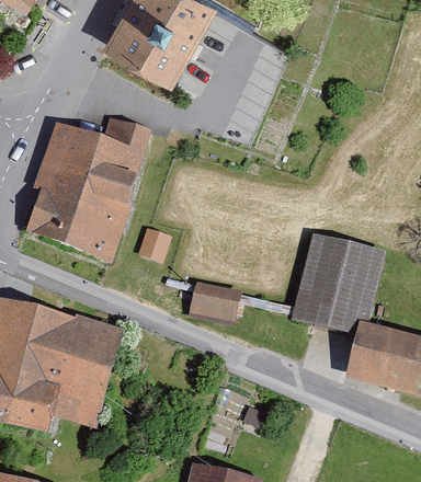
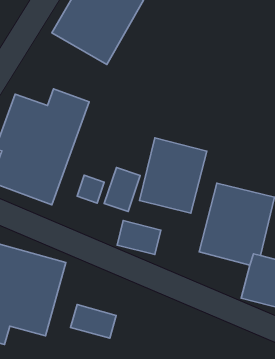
building: none -> [139,138,207,213]
building: none -> [104,167,140,212]
building: none -> [71,305,116,338]

